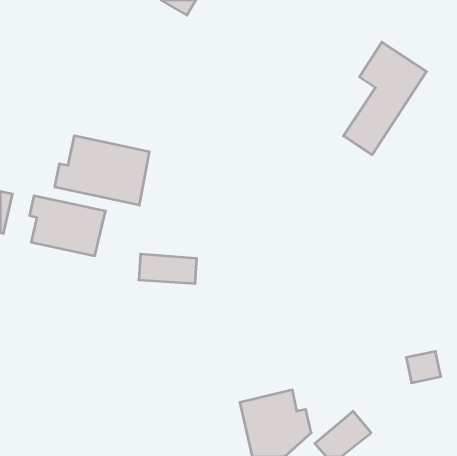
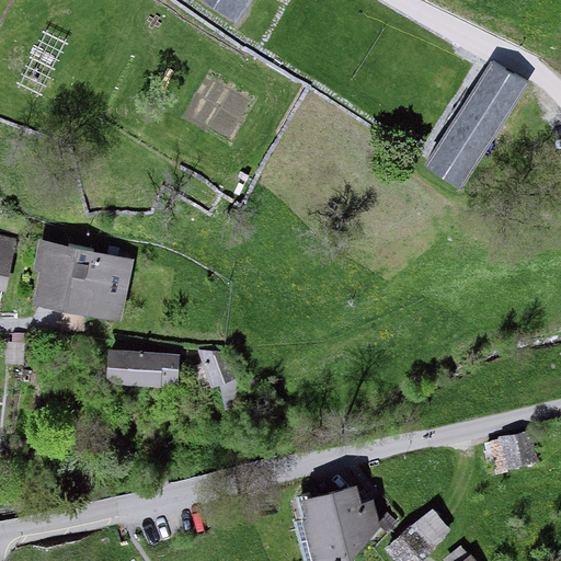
building: [55,136,149,205] -> none
building: [139,254,197,284] -> [113,353,184,389]

